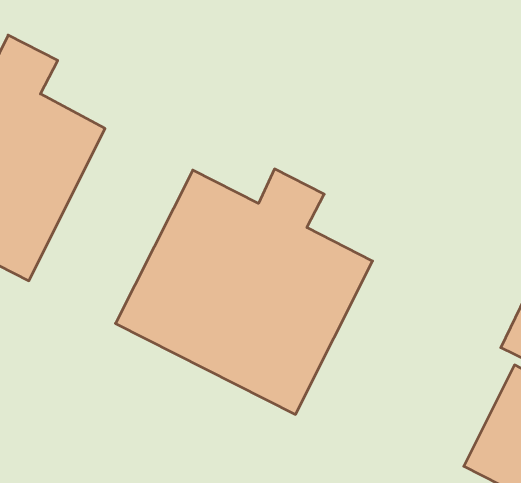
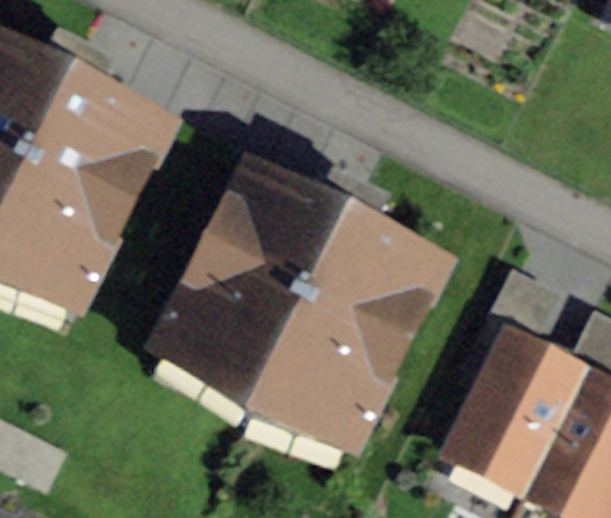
building: none -> [453,352,582,495]

